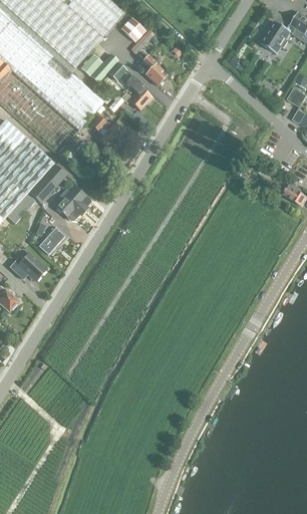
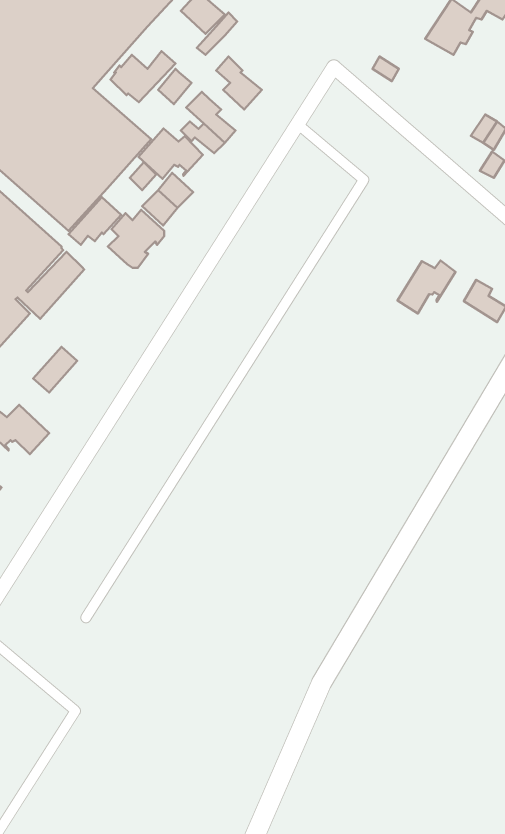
building: none -> [138,129,203,179]
building: none -> [397,260,456,314]
building: [56,186,88,219] -> [108,210,164,268]

